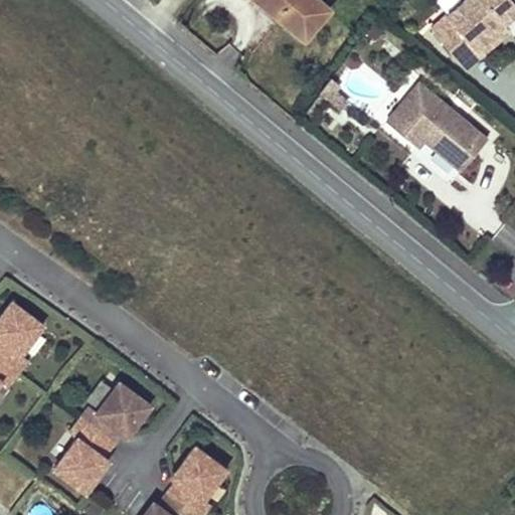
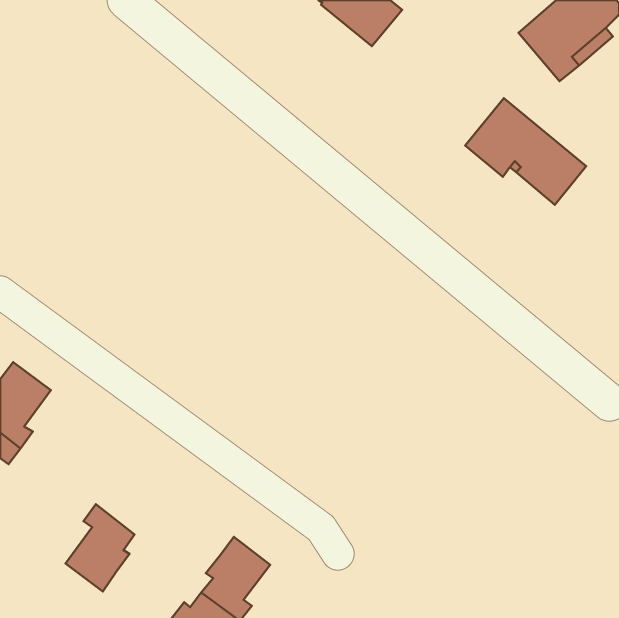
building: [79,381,150,445] -> none

